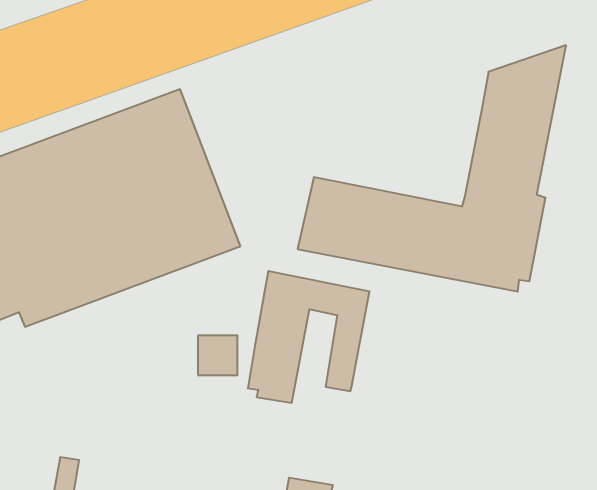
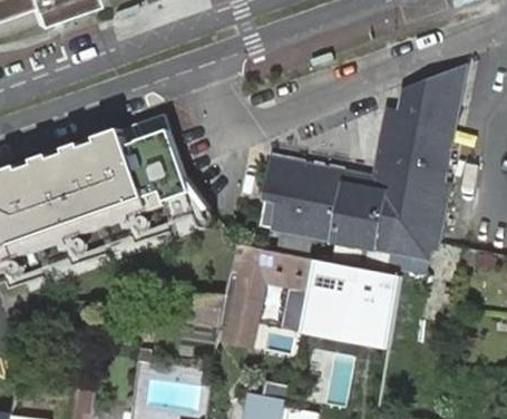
building: none -> [270,117,398,196]
building: none -> [299,261,400,349]

